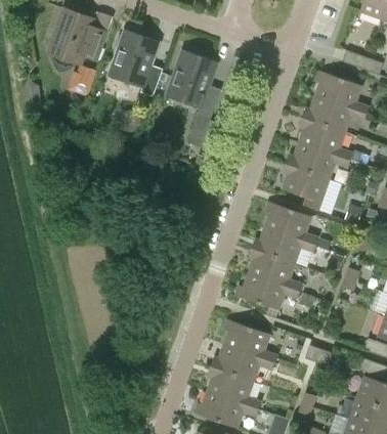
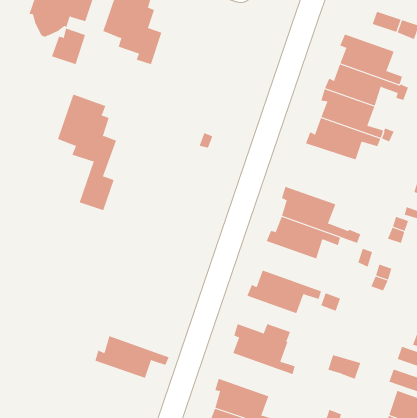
building: [169,49,220,149] -> [57,94,117,211]
building: [282,164,329,210] -> none
building: [248,248,302,291] -> none
building: [210,344,274,381] -> [94,336,169,379]

